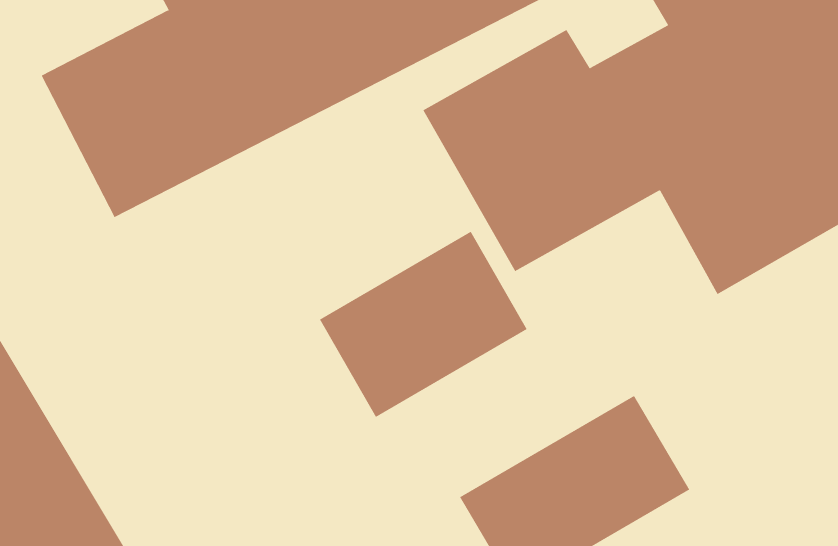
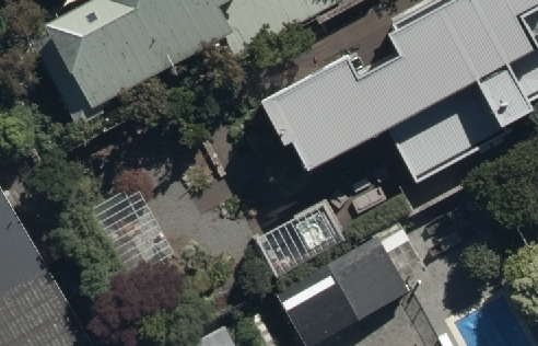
building: [319,231,527,418] -> none

